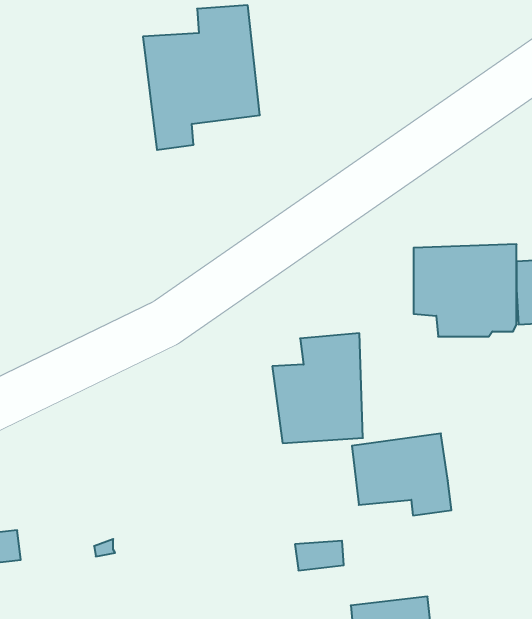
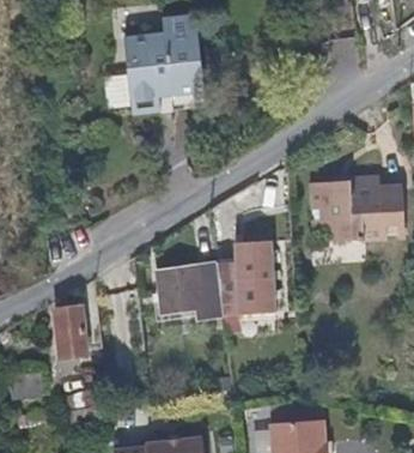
building: none -> [49,308,85,358]
building: [352,433,451,515] -> [154,262,223,319]

